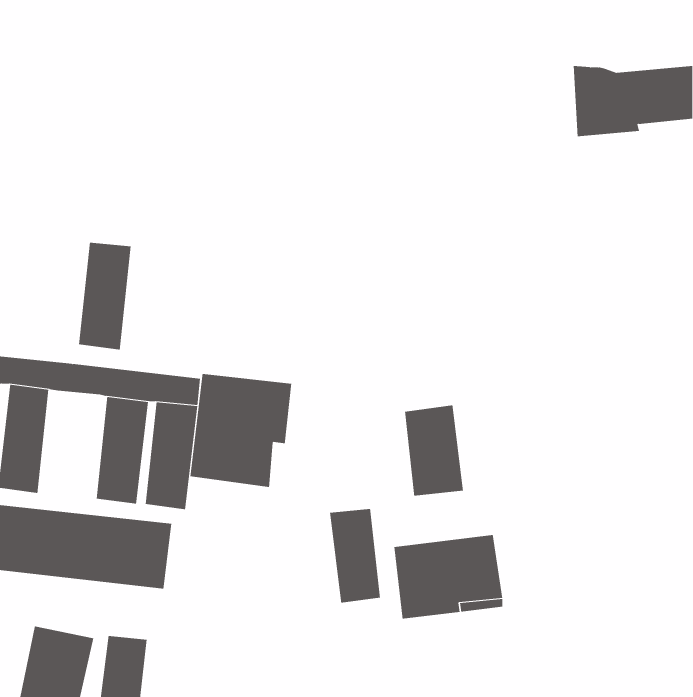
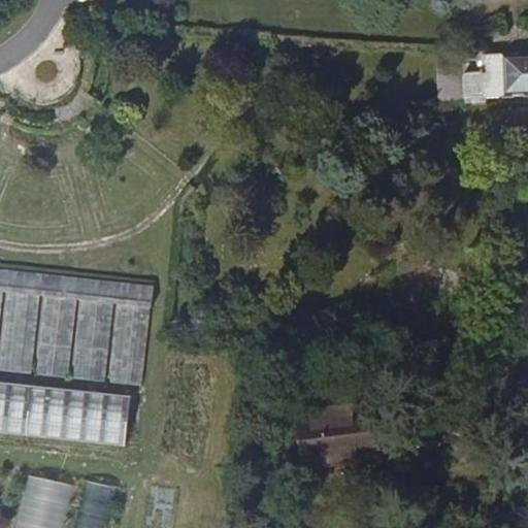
building: [78,242,132,350] -> [35,296,75,377]
building: [190,373,292,488] -> none
building: [405,405,464,497] -> none
building: [330,508,381,604] -> none

